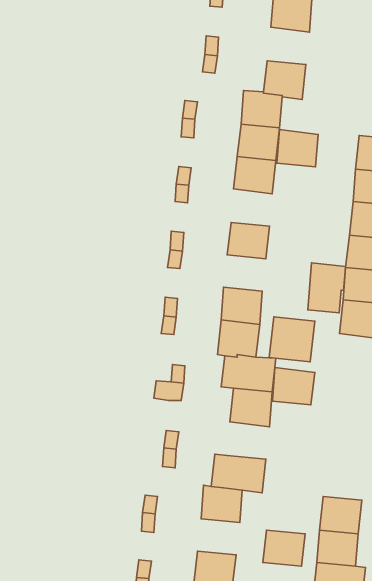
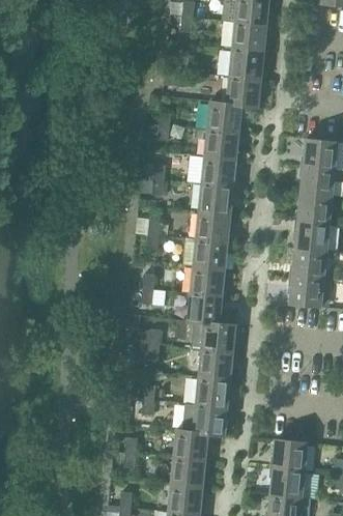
building: none -> [228,49,263,80]
building: [277,130,318,167] -> [198,183,232,214]
building: none -> [192,238,227,268]
building: [308,263,345,313] -> none
building: [269,317,315,362] -> none
building: [272,367,315,405] -> [195,377,230,408]
building: [263,530,305,566] -> [170,458,205,488]

